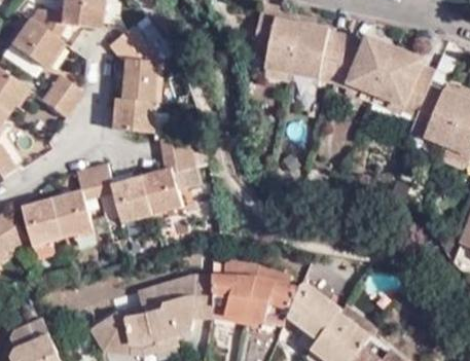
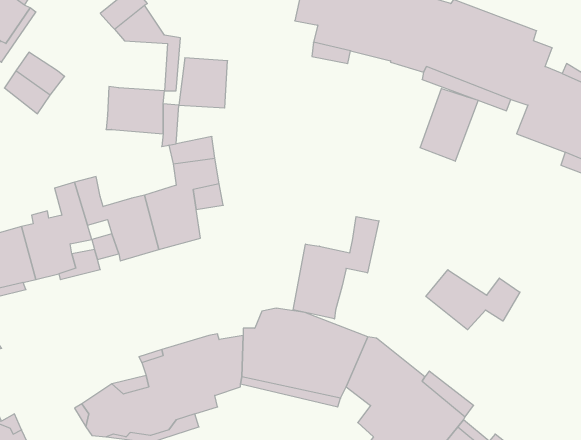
building: [123,65,158,101] -> [179,58,228,108]
building: none -> [420,88,478,161]
building: none -> [293,217,379,319]
building: none -> [426,270,520,330]

